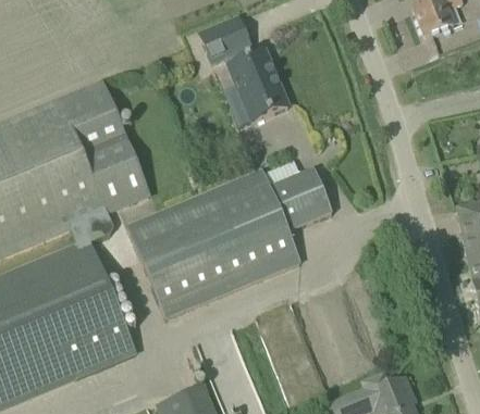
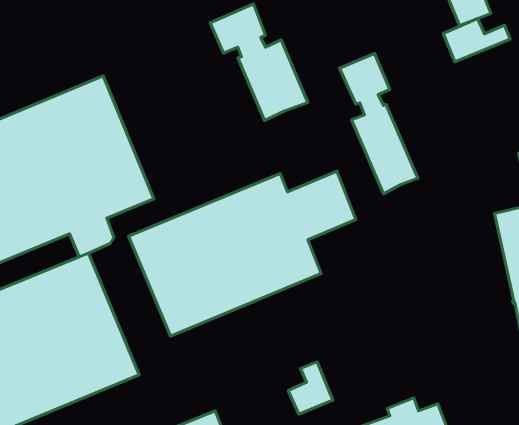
building: none -> [443,19,510,62]
building: none -> [339,53,418,194]
building: none -> [288,362,333,414]

